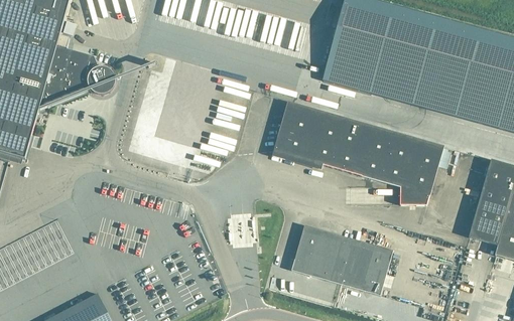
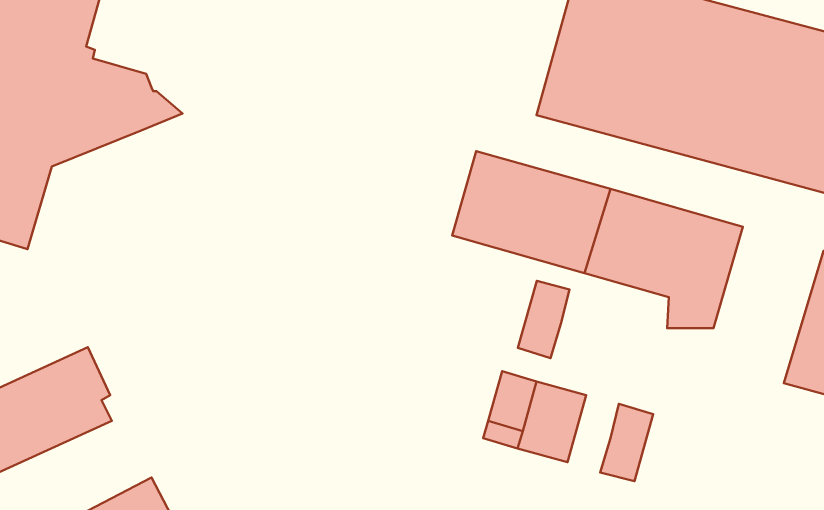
building: [341,245,371,290] -> [518,281,569,358]

